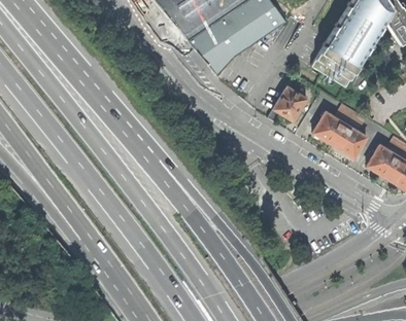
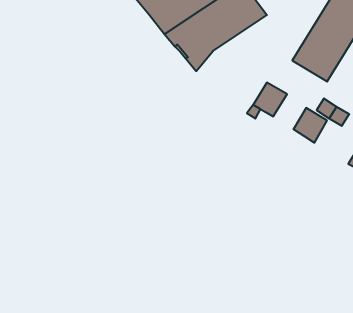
building: [334,124,367,158] -> none

